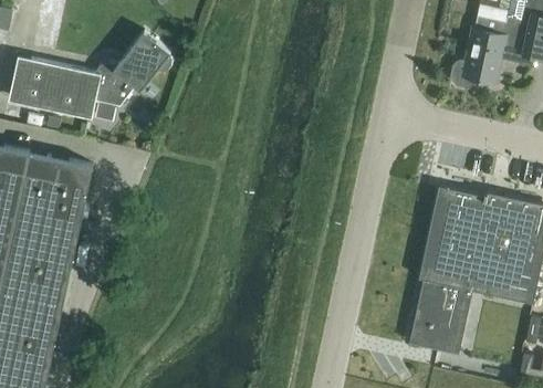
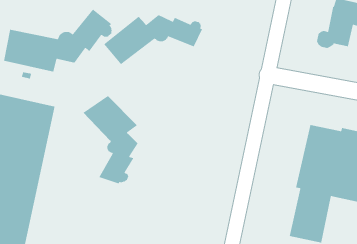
building: none -> [103,14,203,65]
building: none -> [83,95,138,185]

